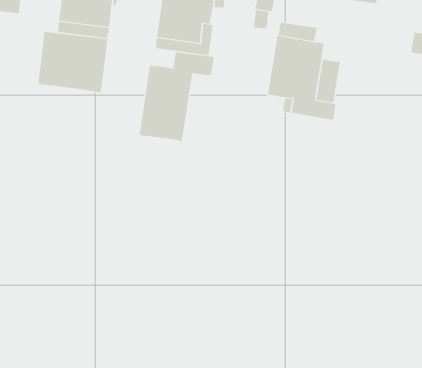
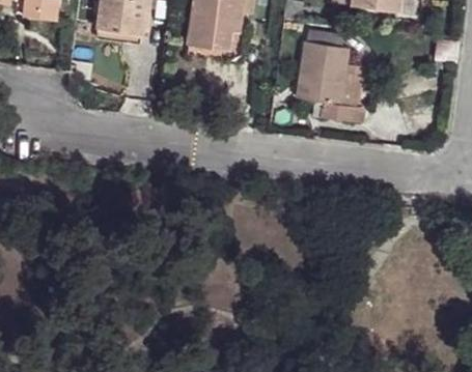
building: [38,31,108,93] -> none
building: [139,51,214,142] -> none

